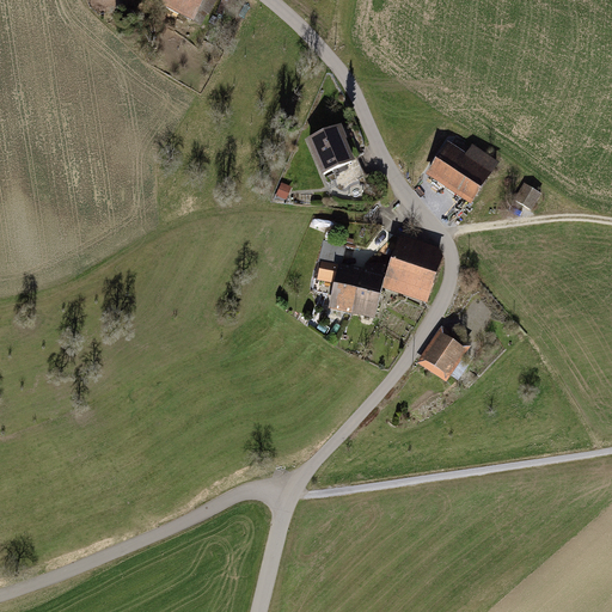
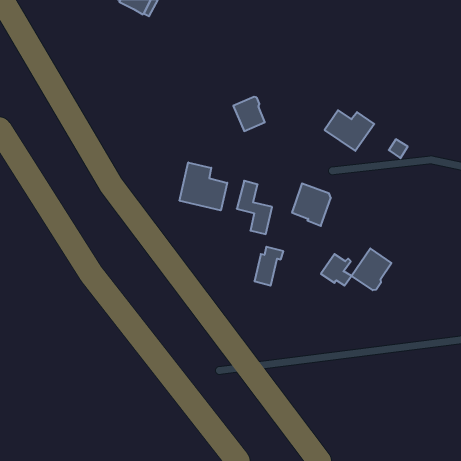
building: none -> [180,162,227,210]
building: [351,264,390,316] -> [254,247,283,286]
building: none -> [352,248,391,290]

